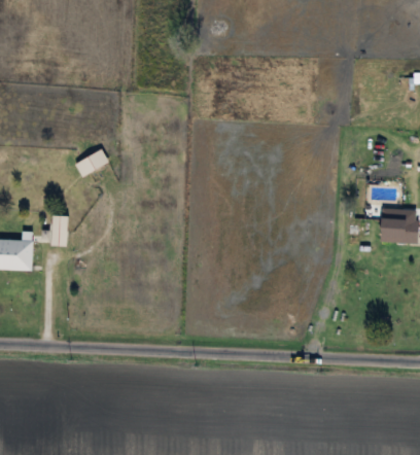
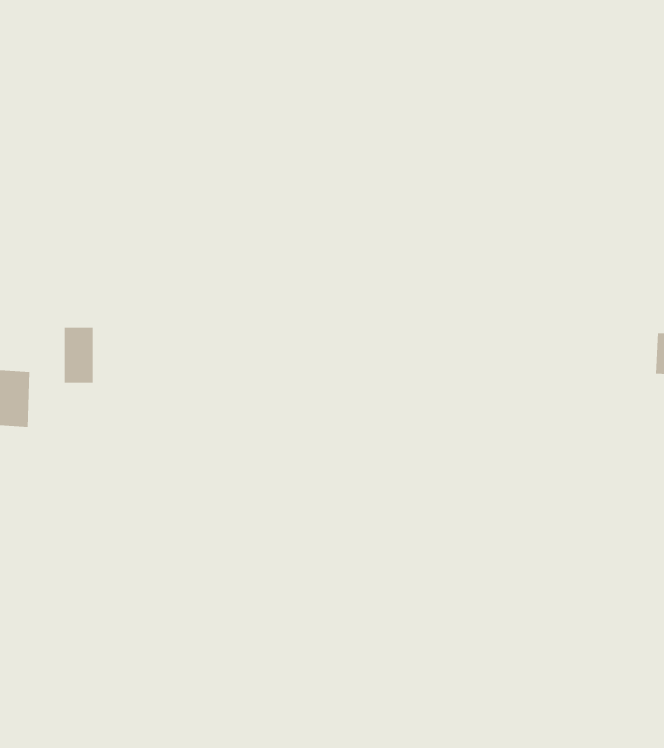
building: [75,148,108,176] -> none

